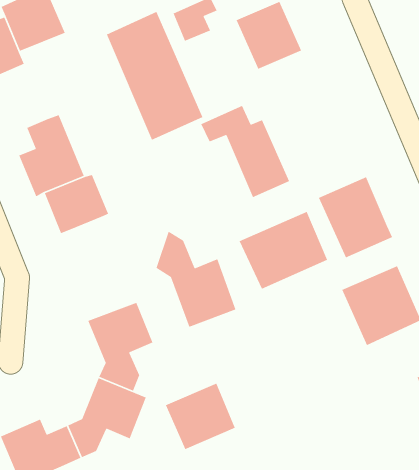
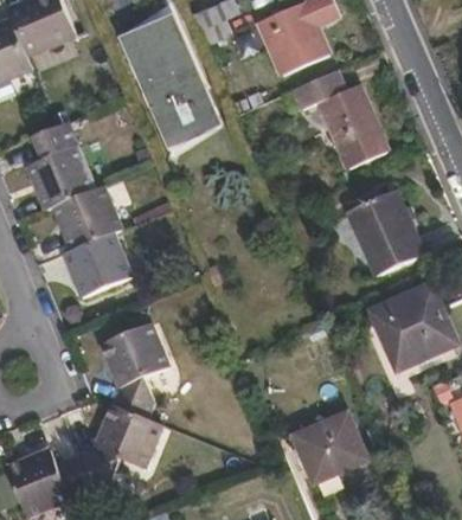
building: [200,105,290,198] -> [291,69,387,168]
building: [239,211,328,290] -> none
building: none -> [62,232,131,297]
building: [155,231,237,328] -> none
building: [165,383,236,450] -> [291,411,367,483]

